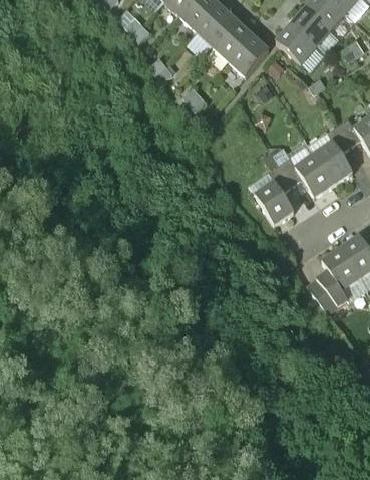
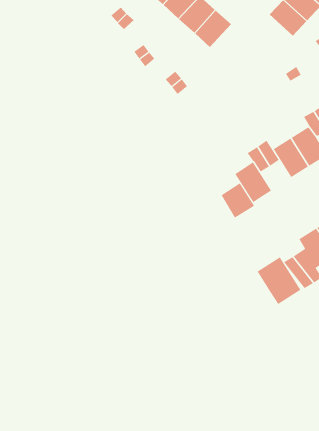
building: [276,23,316,63] -> none
building: [229,33,269,73] -> none
building: none -> [221,183,255,218]
building: none -> [257,257,301,305]

